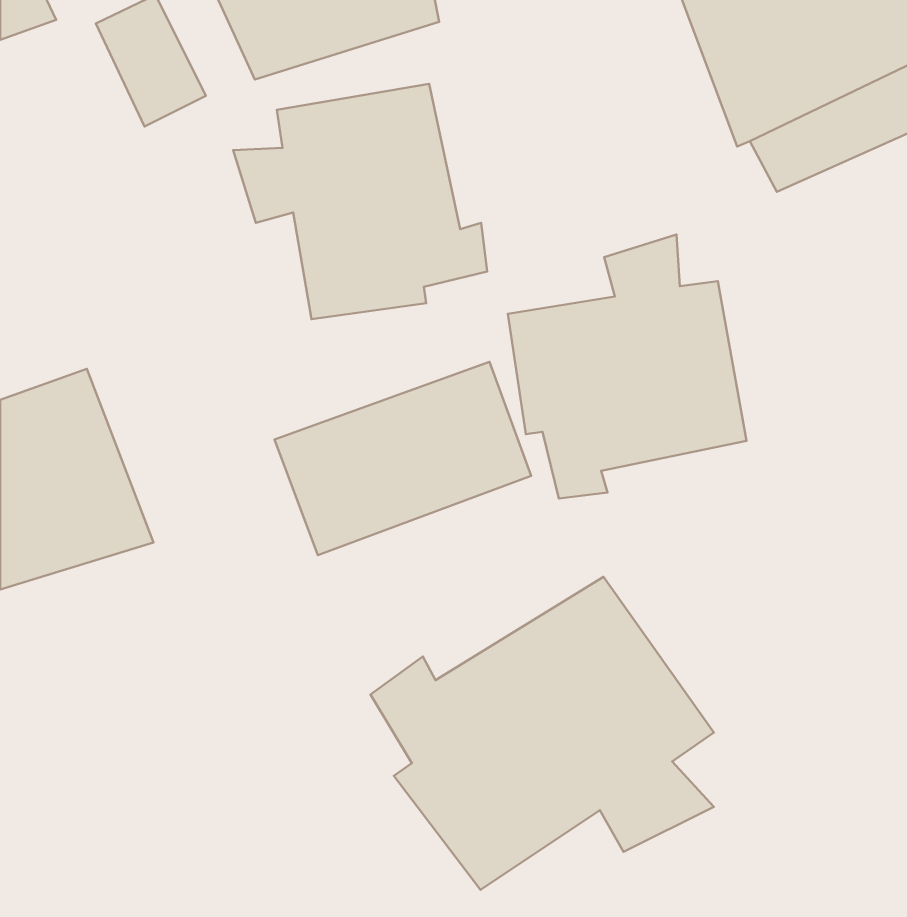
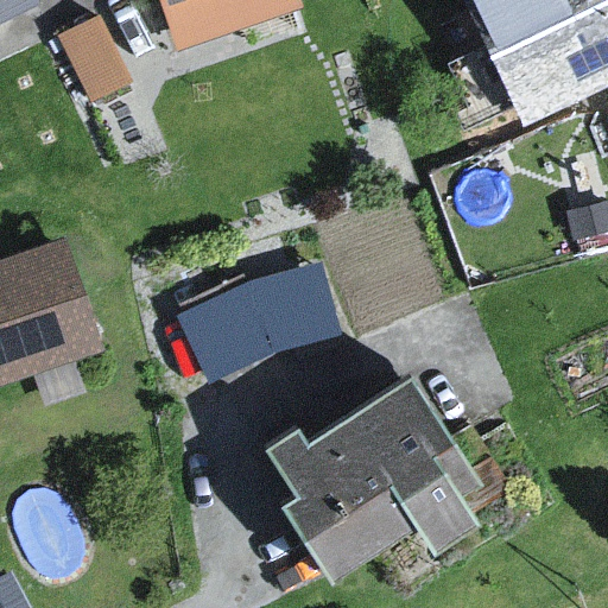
building: [233,84,487,319] -> none
building: [508,235,747,498] -> none

